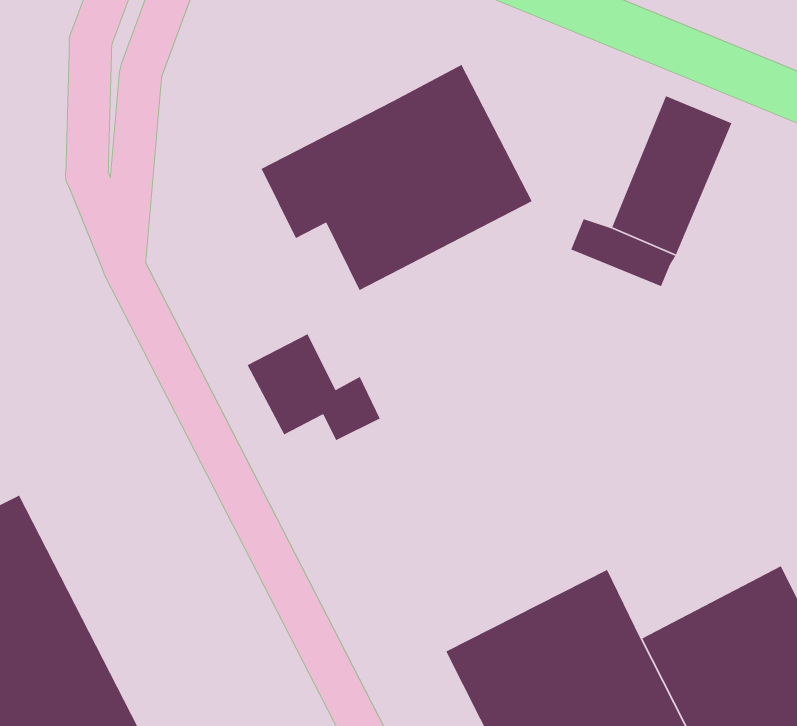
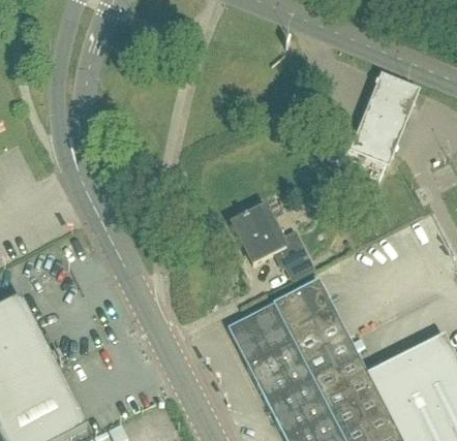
building: [260,64,533,291] -> none
building: [246,333,381,441] -> [232,202,306,262]
building: none -> [230,278,346,379]

